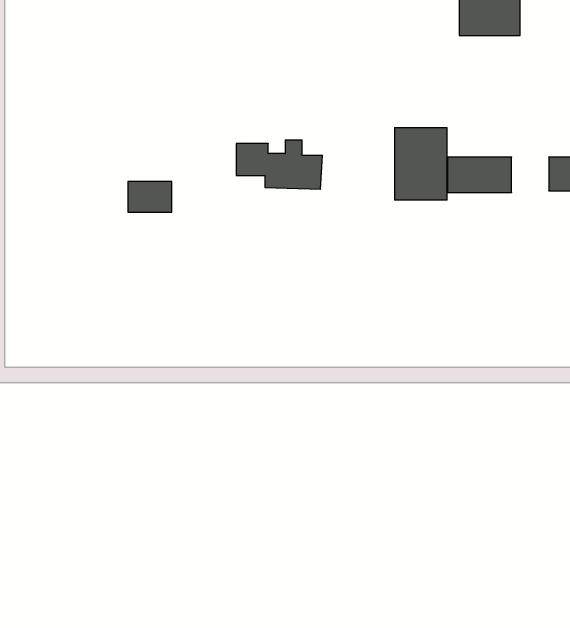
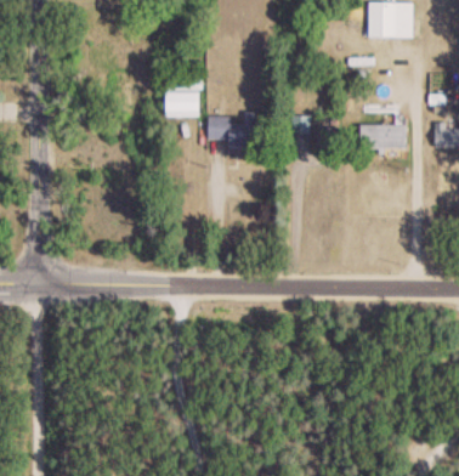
building: [395,128,447,200] -> none
building: [128,182,172,212] -> [166,92,198,114]

